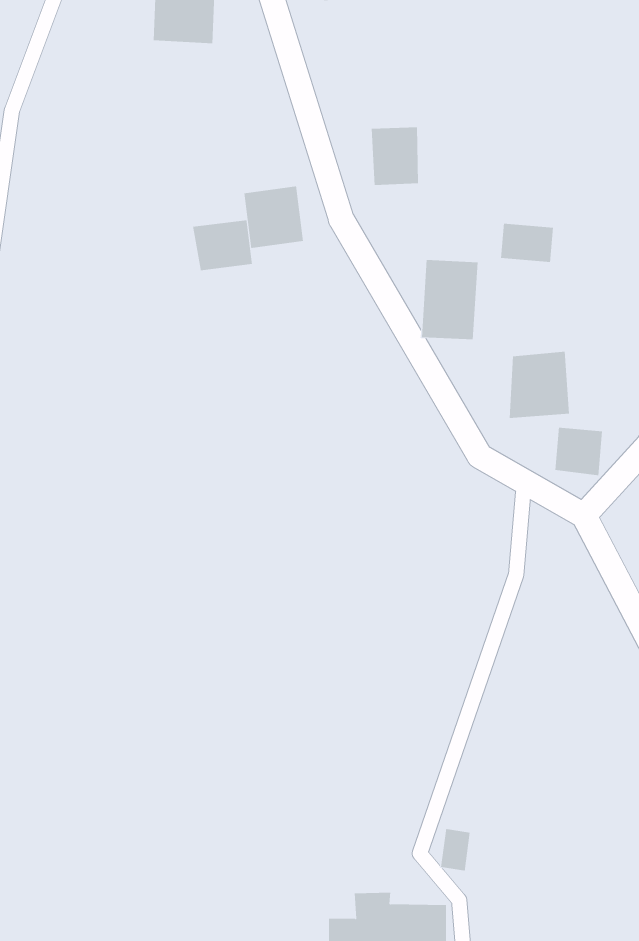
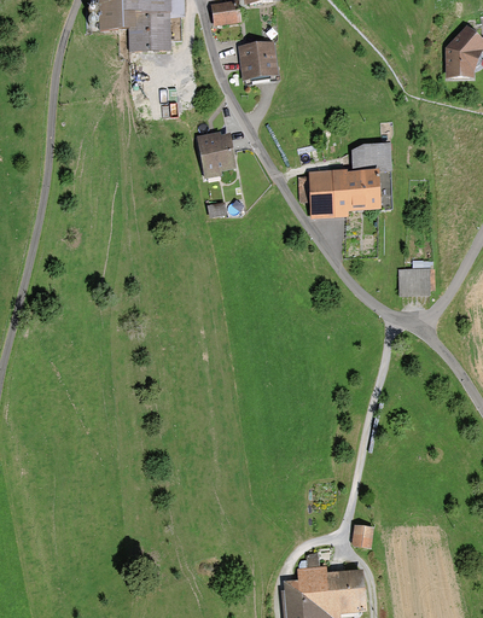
building: [371,127,419,186] -> [240,42,273,81]
building: [192,219,253,271] -> none
building: [509,351,570,419] -> [343,167,382,211]

